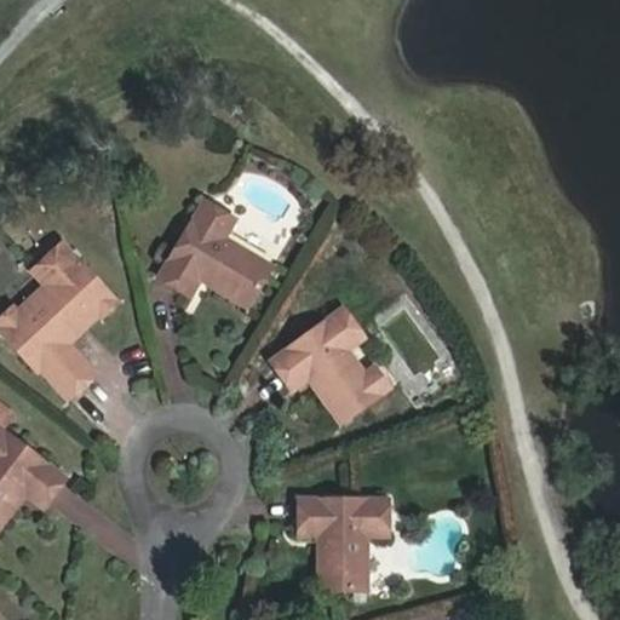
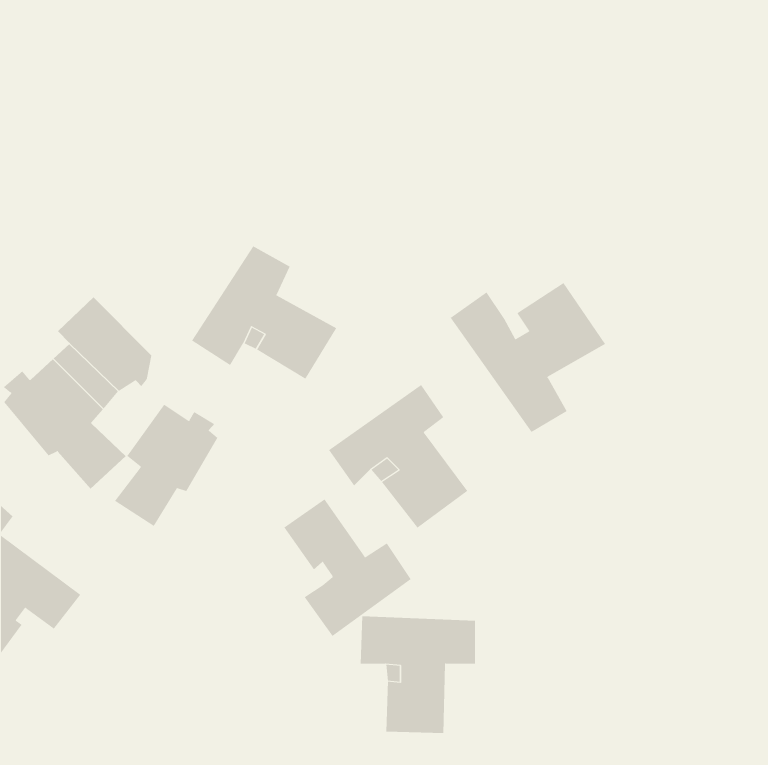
building: none -> [450,282,606,433]
building: none -> [114,404,218,527]
building: none -> [283,498,412,637]

